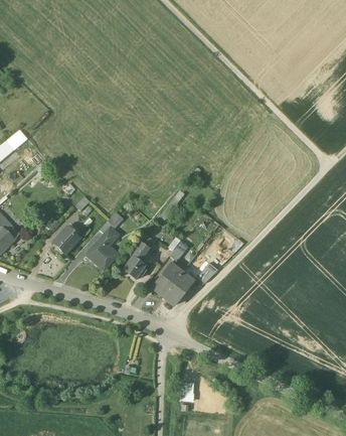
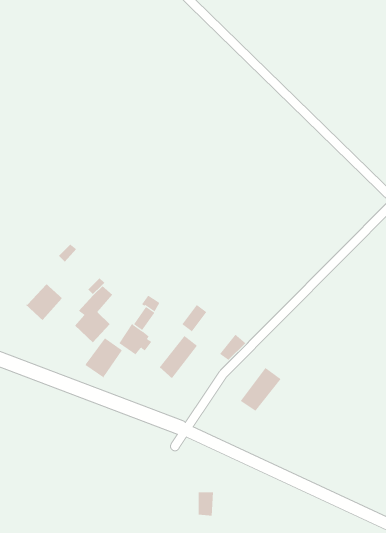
building: none -> [84,337,124,379]
building: [163,271,194,304] -> [240,367,281,411]

